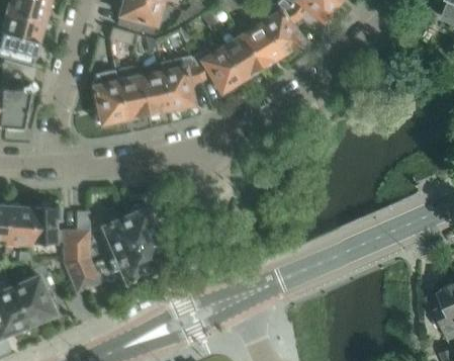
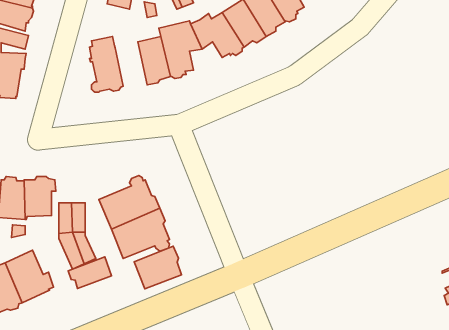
building: [113,59,149,118] -> none
building: none -> [134,246,181,289]
building: none -> [68,257,112,288]

